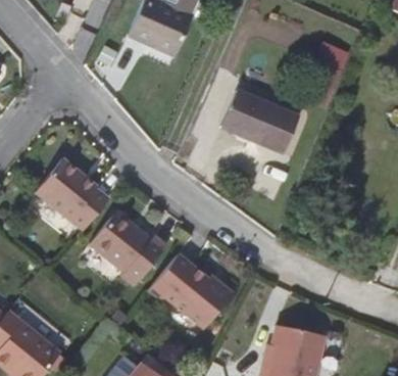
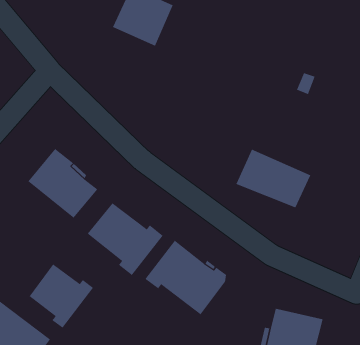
building: [217,90,294,150] -> [236,149,311,208]
building: none -> [29,264,94,329]

